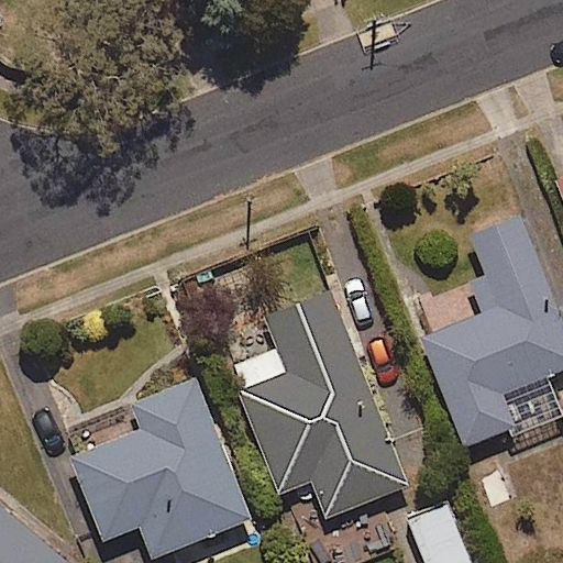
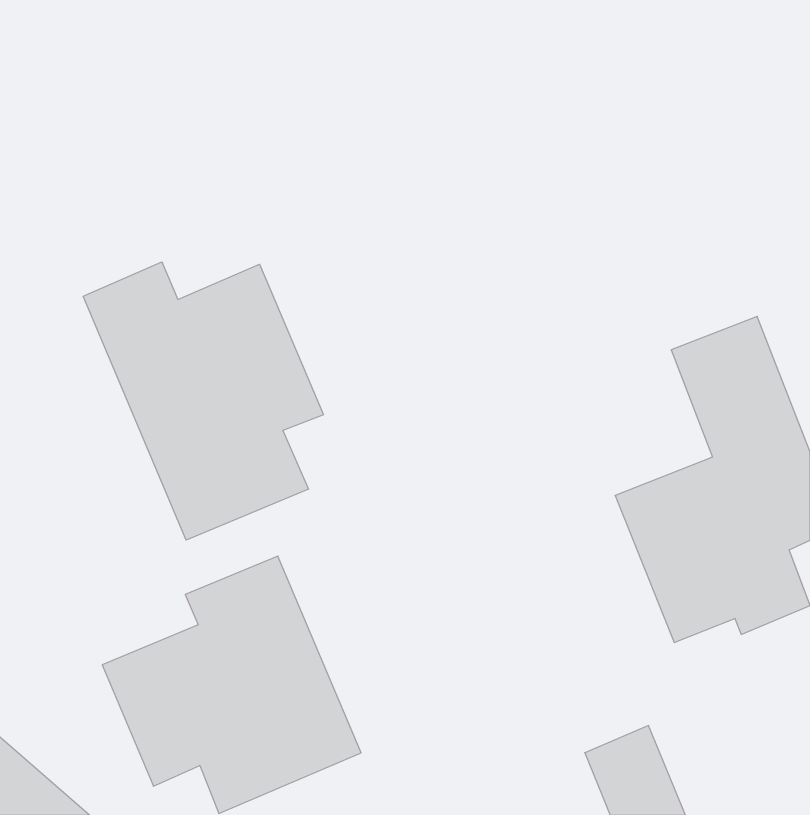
building: none -> [83,262,323,540]
building: [230,291,408,519] -> none

